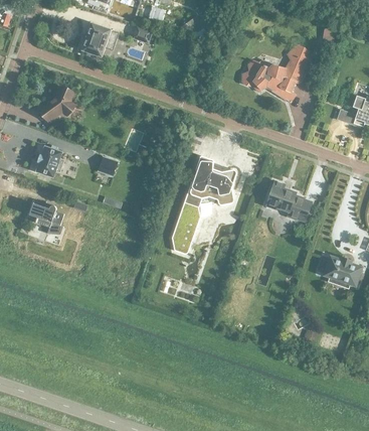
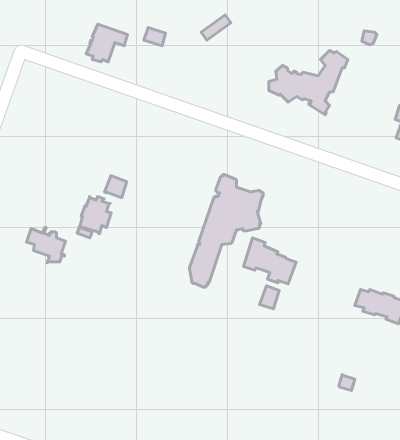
building: [39,87,74,120] -> none
building: [35,145,63,177] -> [79,197,111,233]
building: [265,180,312,221] -> [243,238,296,284]

